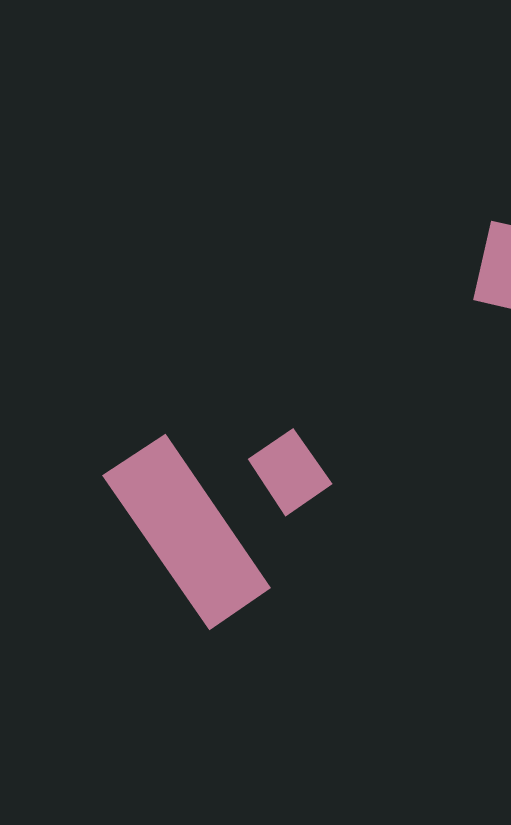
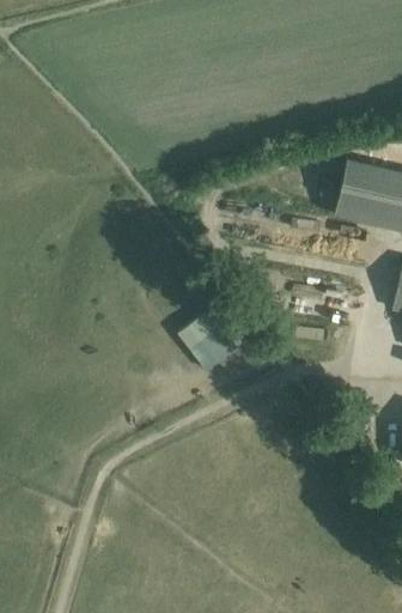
building: [101,432,272,632] -> none

